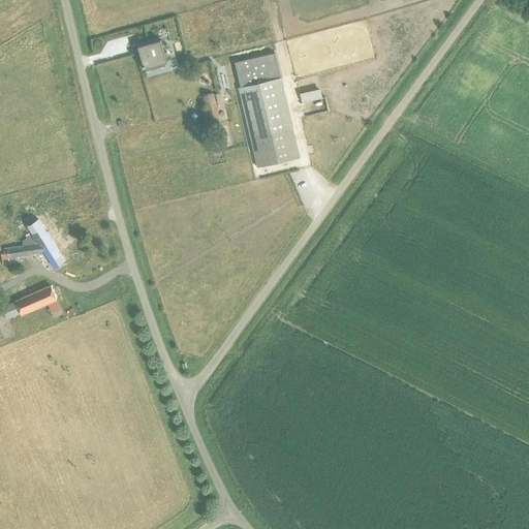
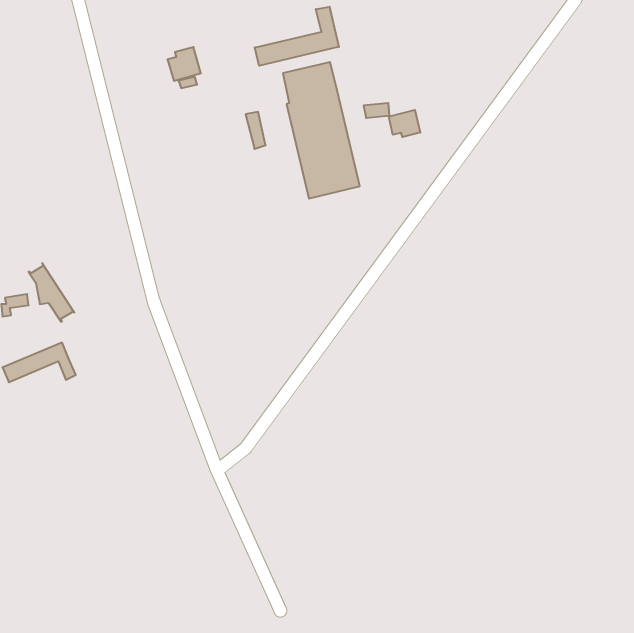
building: none -> [255,7,339,66]
building: none -> [389,110,420,137]

